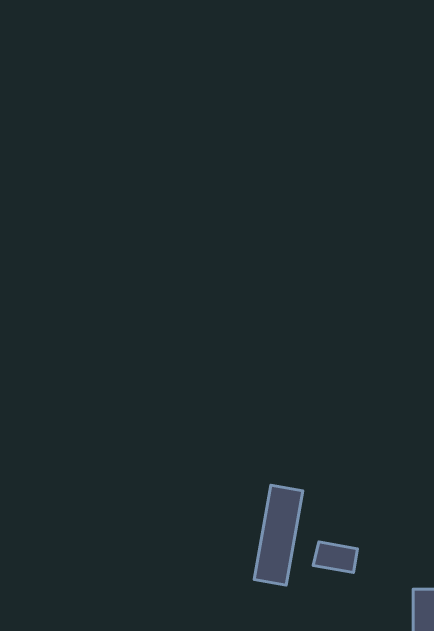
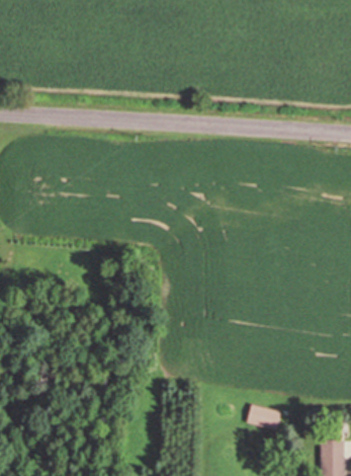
building: [254,485,303,585] -> none

